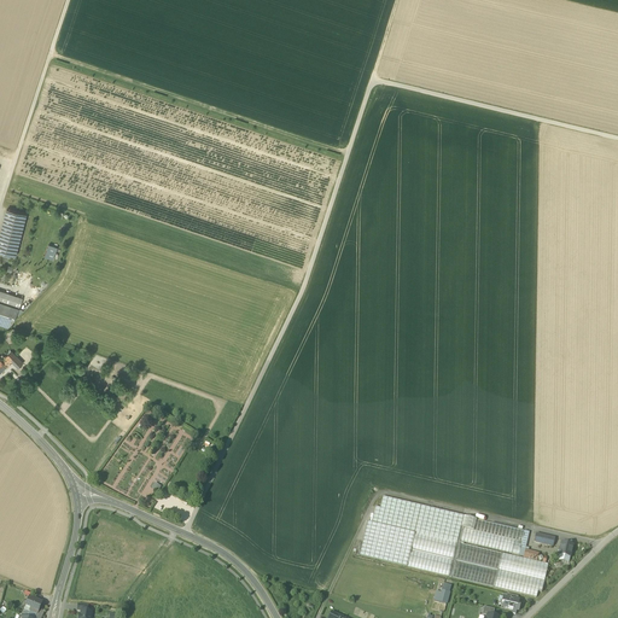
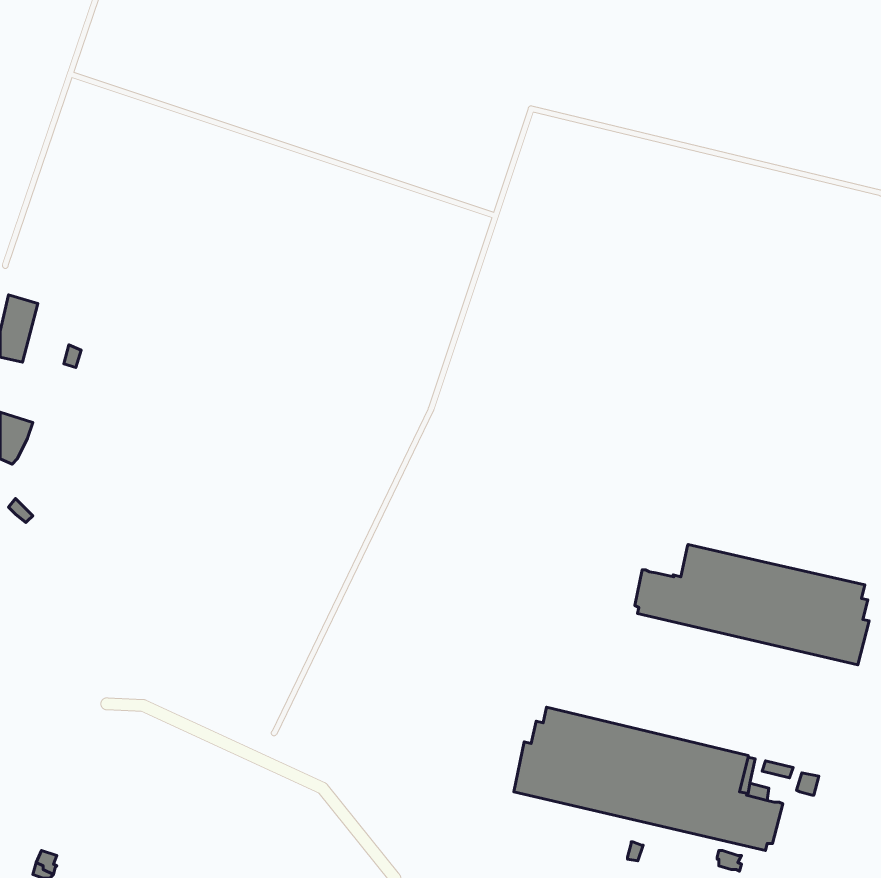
building: none -> [635,545,869,665]

